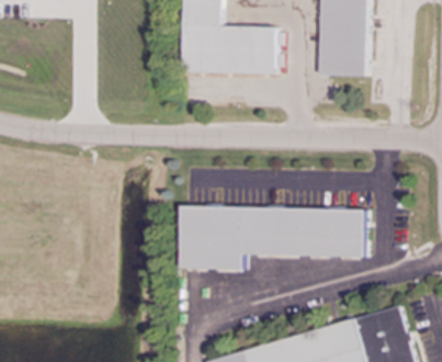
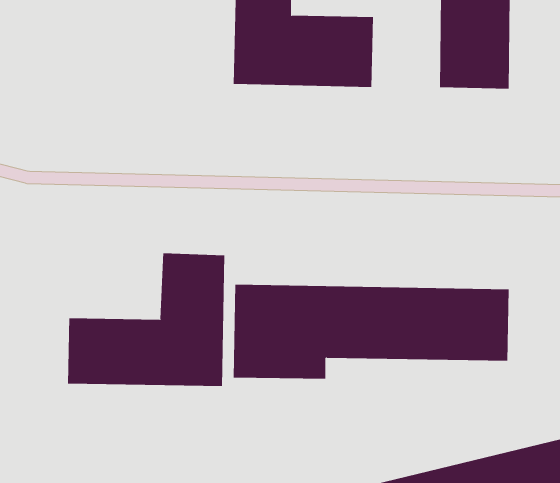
building: none -> [68,252,225,387]

